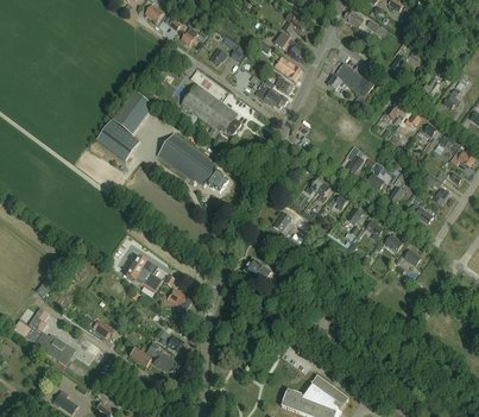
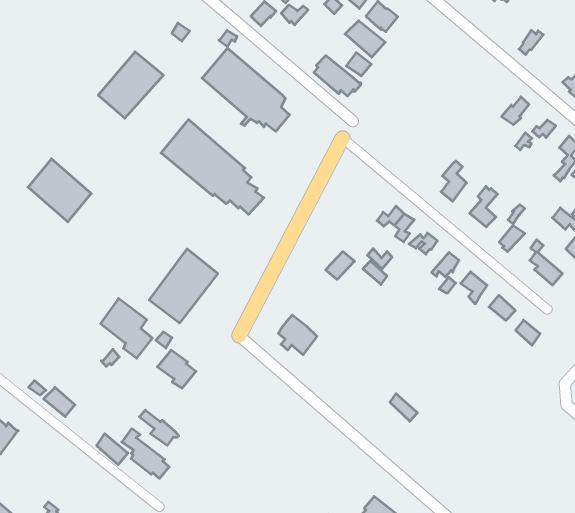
building: [327,63,373,107] -> none
building: [96,120,139,162] -> [28,159,91,222]
building: none -> [149,249,218,323]

